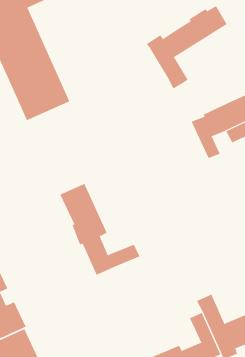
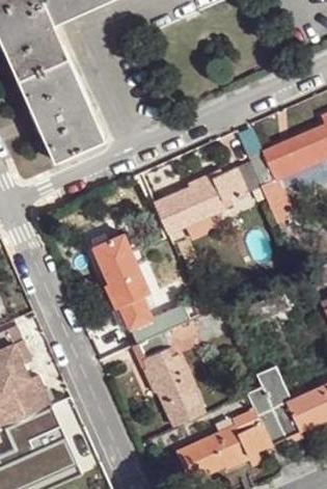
building: [146,6,227,89] -> none
building: none -> [152,161,260,233]
building: none -> [135,333,201,427]

